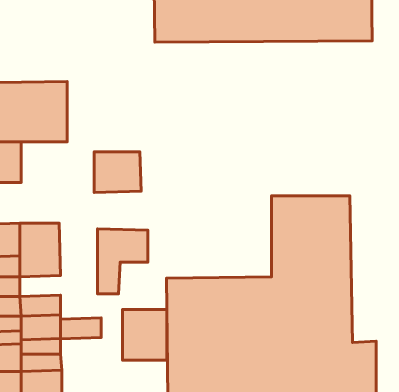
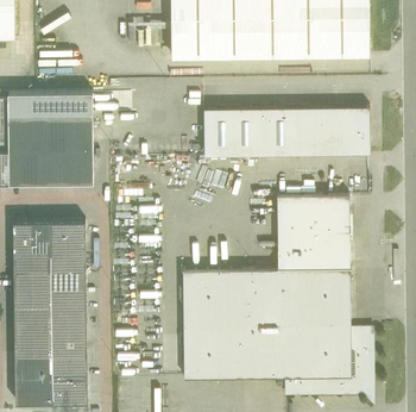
building: none -> [203,107,370,157]
building: [94,152,141,192] -> [50,148,93,185]
building: [98,229,148,294] -> none
building: [123,310,167,360] -> none
building: [61,318,101,339] -> [49,269,86,288]

